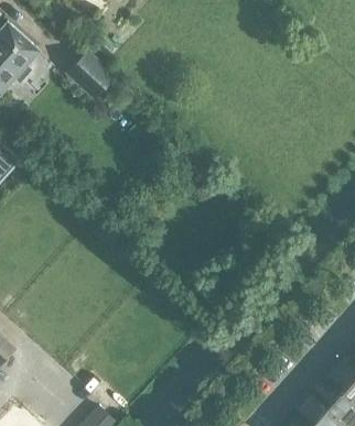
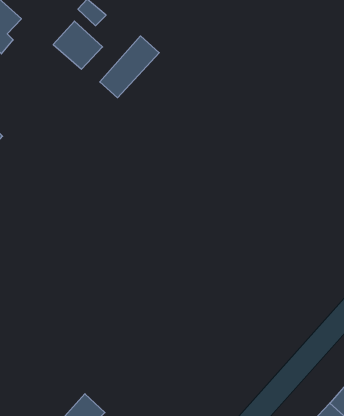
building: none -> [100,36,159,98]

